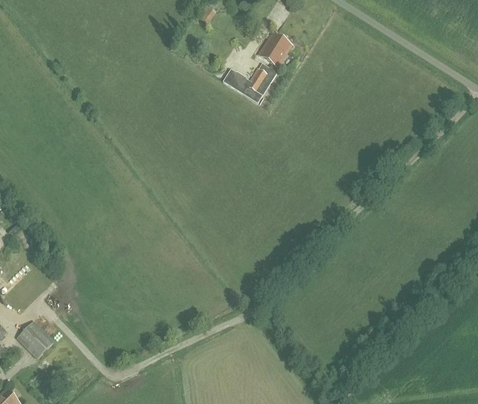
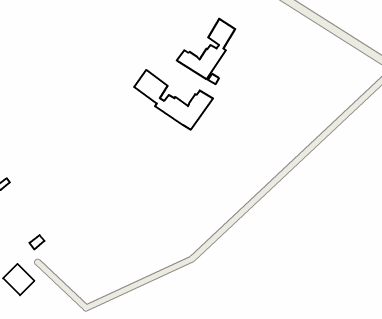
building: none -> [134,70,213,130]

